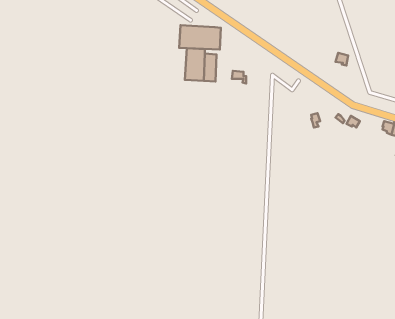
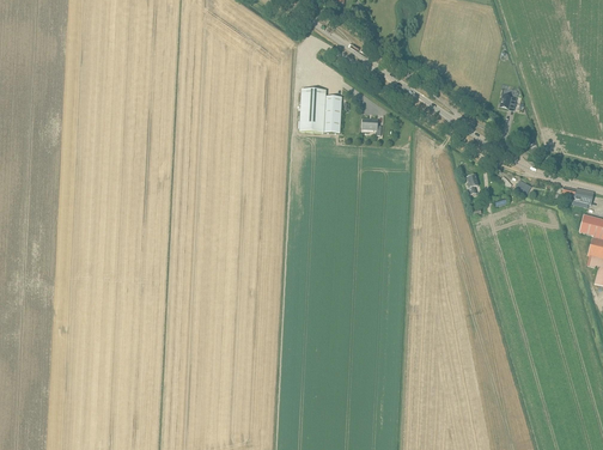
building: [179,25,221,50] -> none

